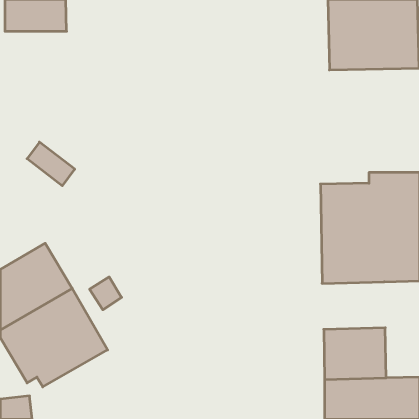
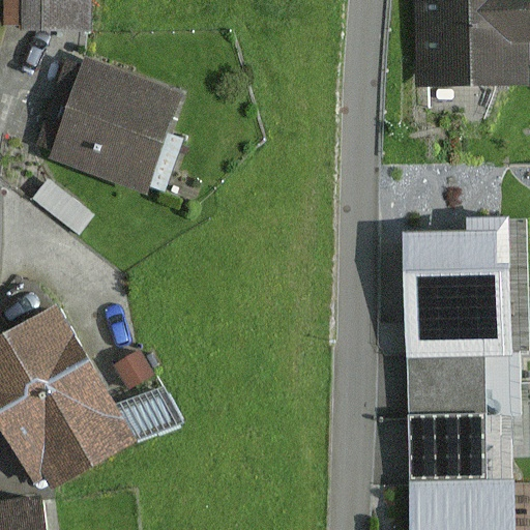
building: none -> [49,59,182,195]
building: none -> [407,355,487,415]

